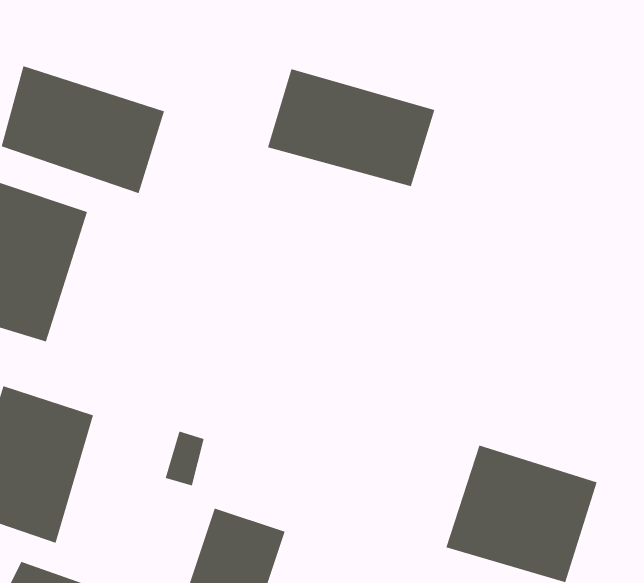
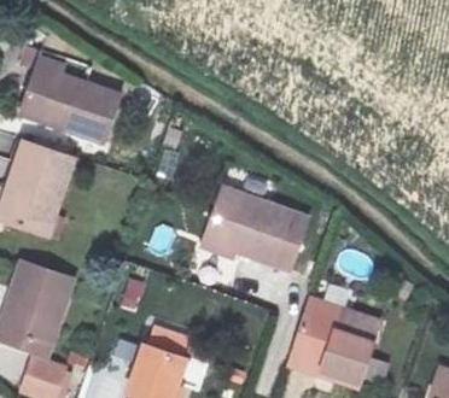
building: [267,68,435,187] -> [199,192,302,264]

